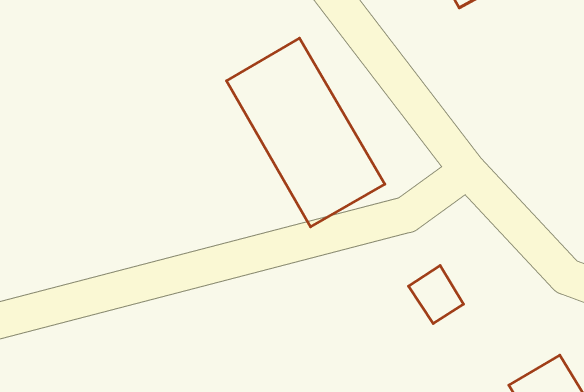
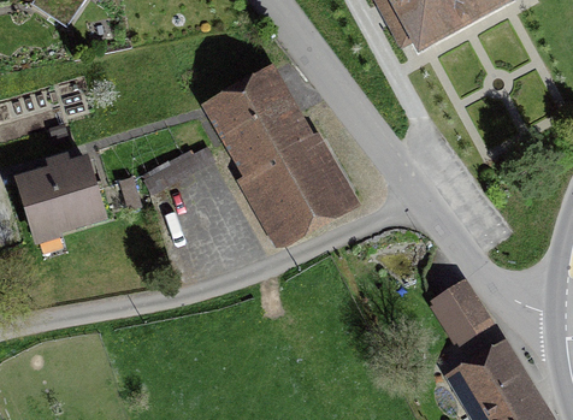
building: none -> [23,162,102,233]
building: [408,266,464,324] -> [437,282,485,332]

